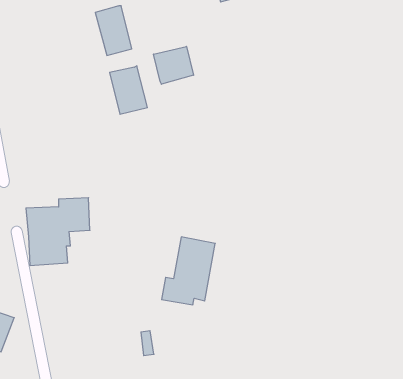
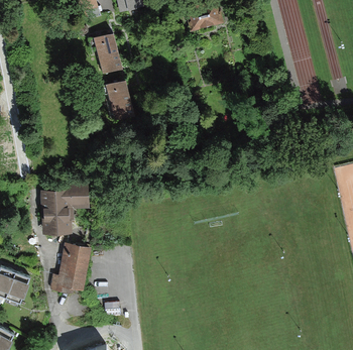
building: [154,46,194,84] -> none
building: [162,237,215,305] -> [48,242,90,295]

